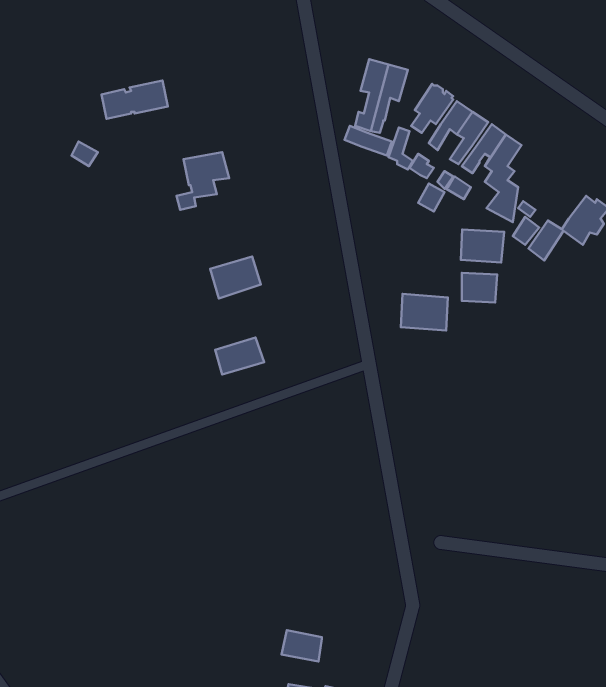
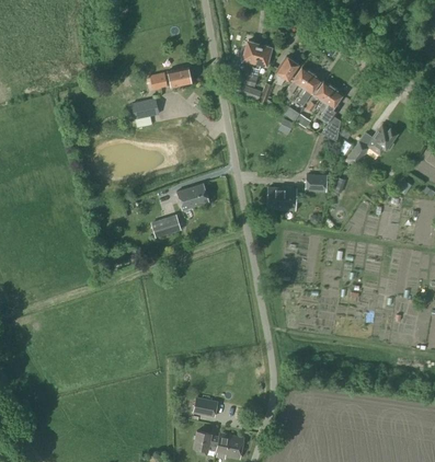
building: [101,80,168,119] -> [150,66,192,90]
building: [461,230,504,262] -> none
building: [210,257,261,299] -> [178,183,209,209]

